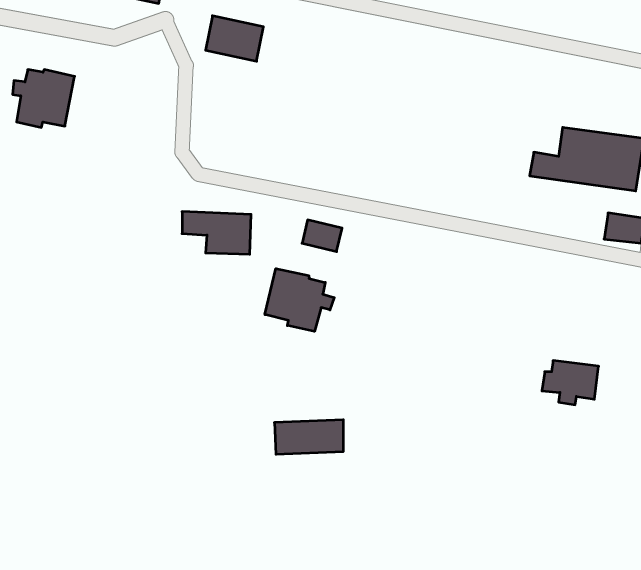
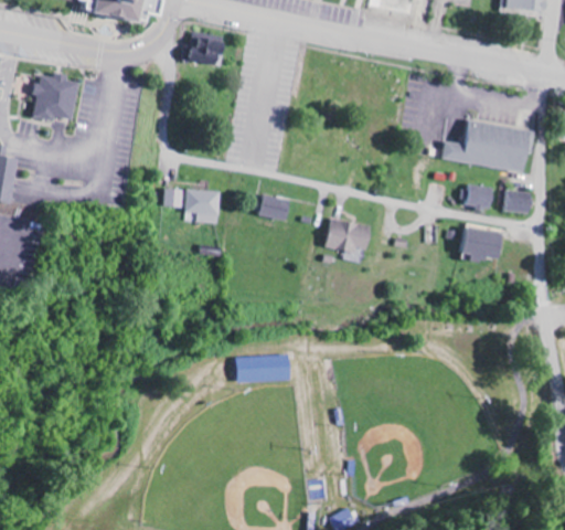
building: none -> [462,183,493,210]
building: none -> [324,220,370,261]
building: [265,269,334,331] -> none
building: [542,361,599,405] -> [458,227,503,263]

